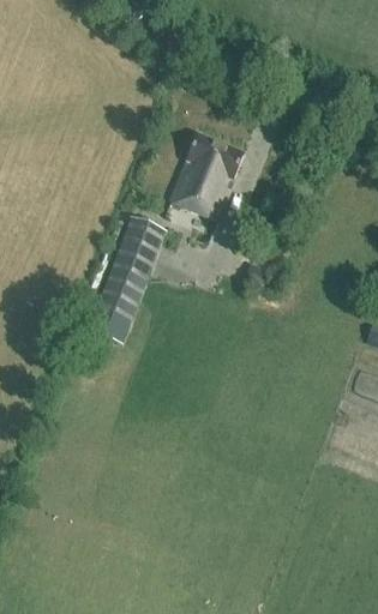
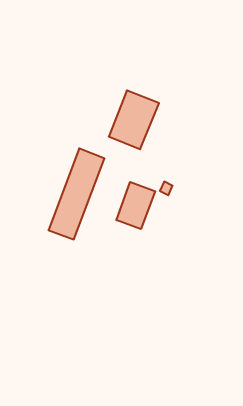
building: none -> [116,182,155,229]

